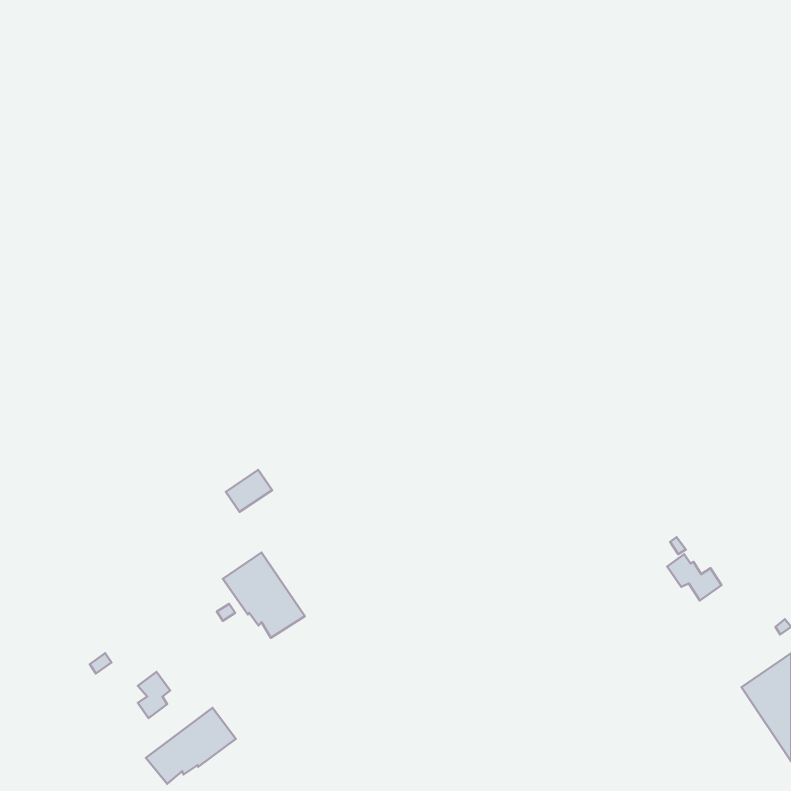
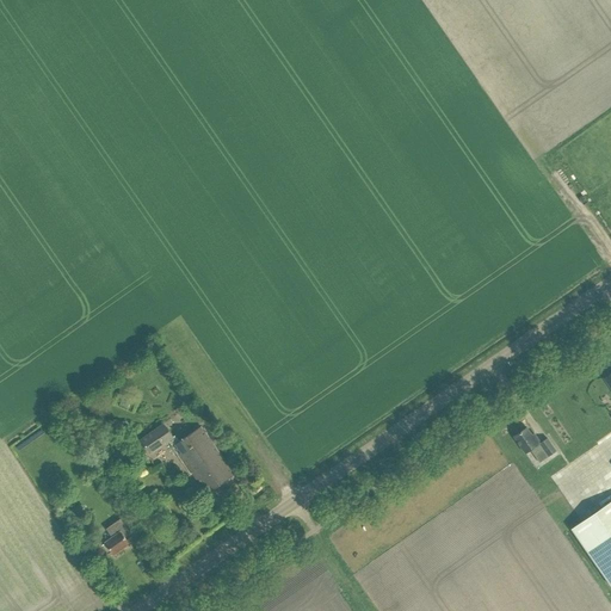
building: [226,470,272,512] -> [140,425,175,457]
building: [146,708,236,784] -> none

